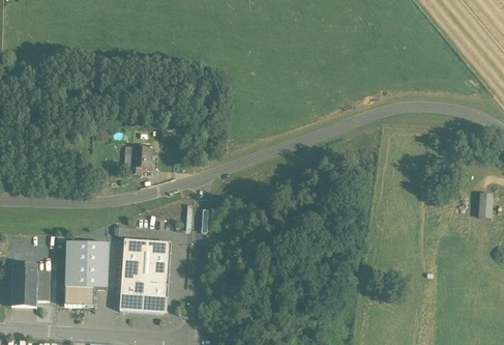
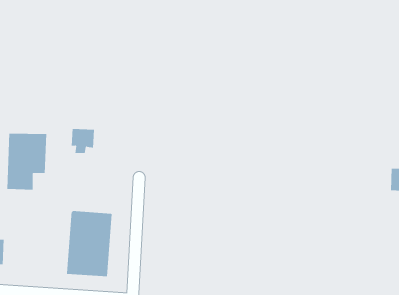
building: [63,241,109,306] -> [7,133,47,190]

